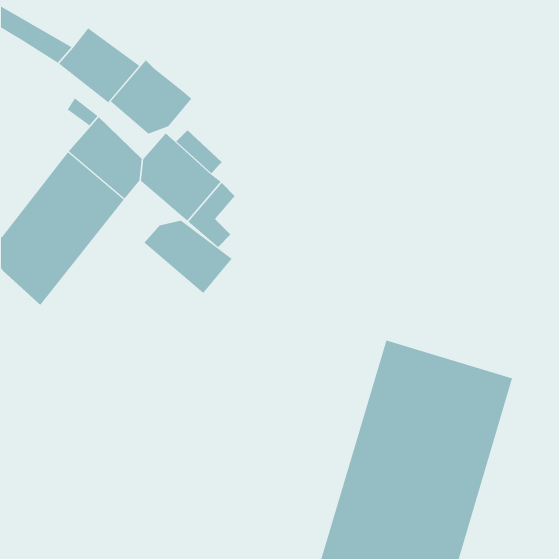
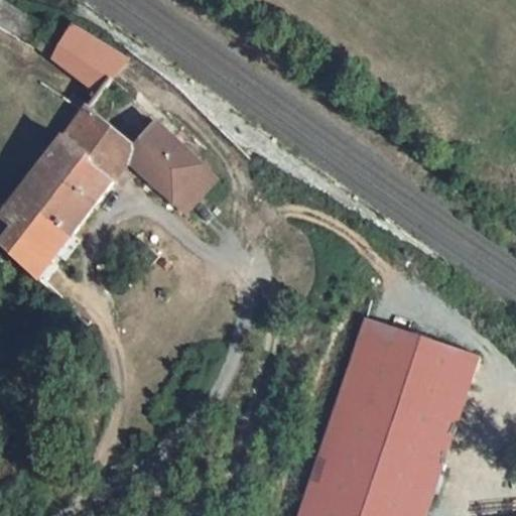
building: [110,60,192,135] -> none
building: [144,220,232,294] -> none

